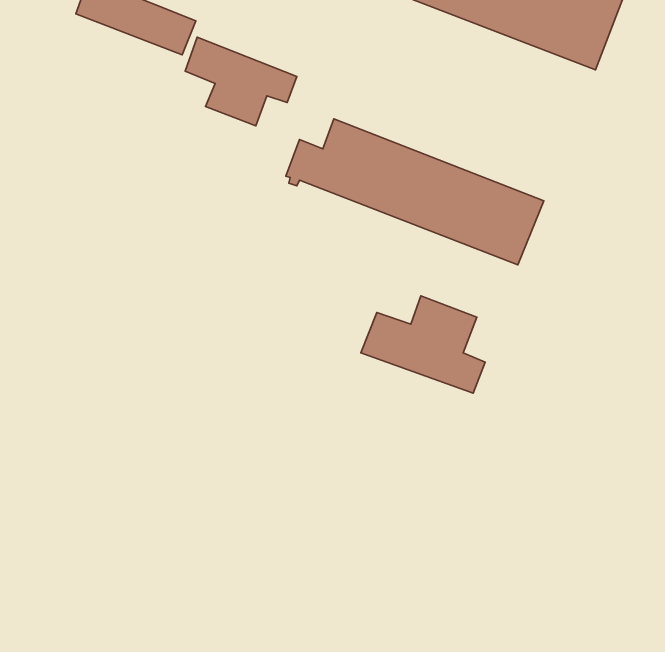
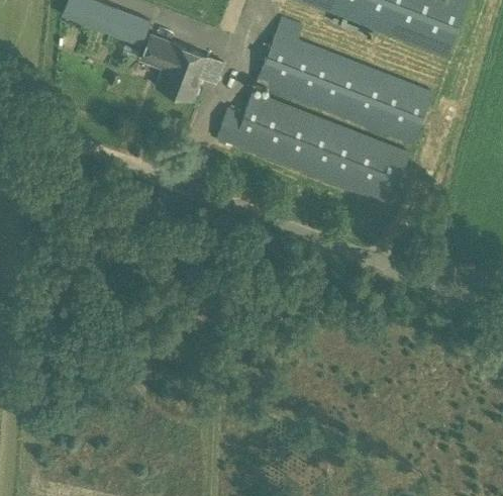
building: none -> [257,17,434,144]
building: [361,296,485,393] -> none

